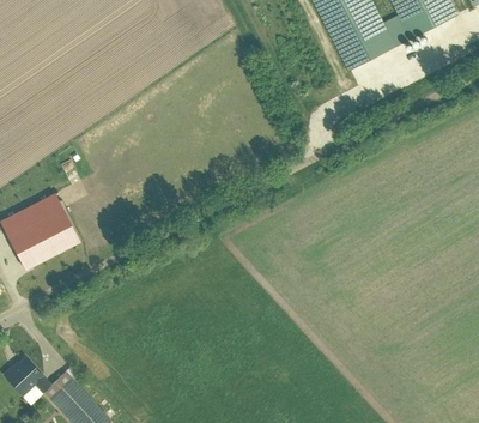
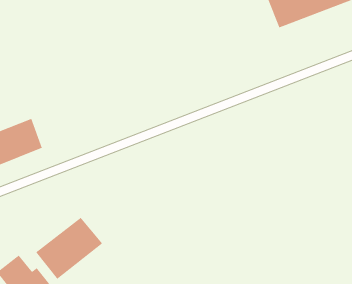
building: none -> [35,217,103,280]

